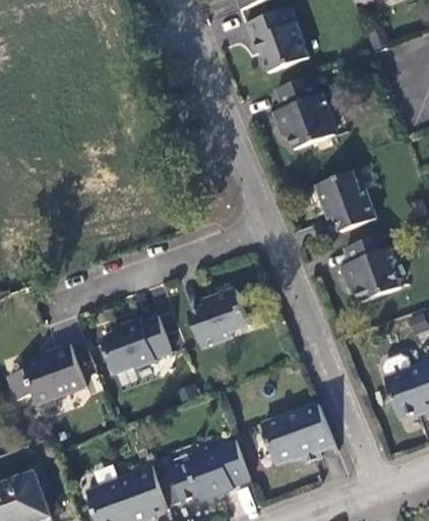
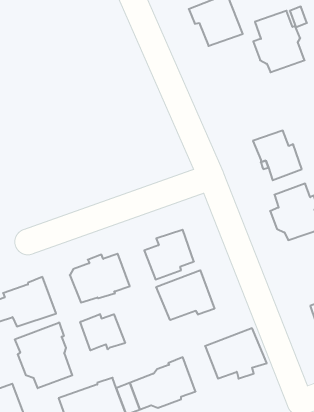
building: [270,74,331,148] -> [253,11,305,72]
building: none -> [156,270,214,320]
building: none -> [80,314,125,350]
building: none -> [15,322,72,388]

